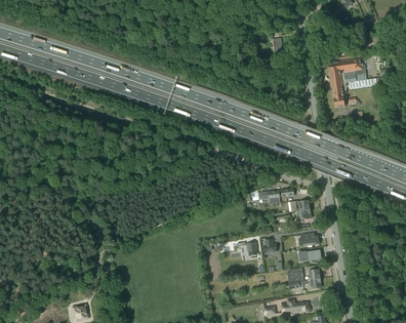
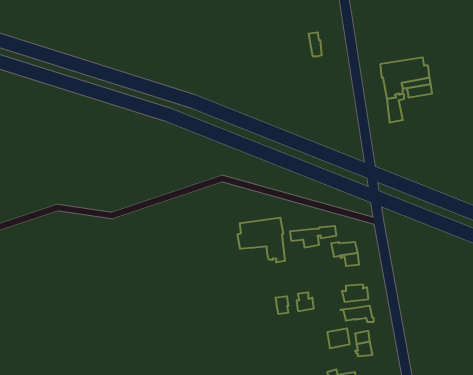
building: none -> [238,218,285,262]

